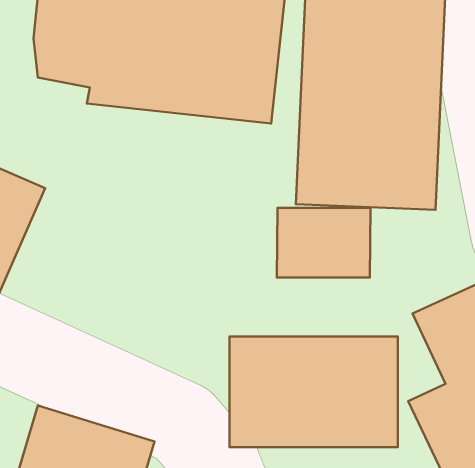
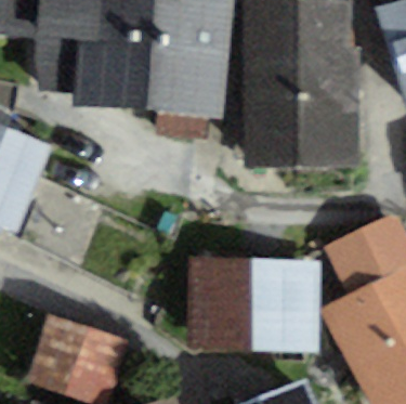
building: [277,208,371,278] -> none

